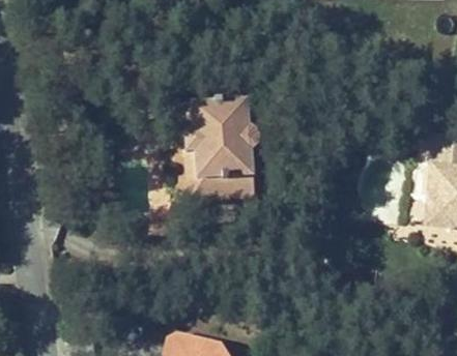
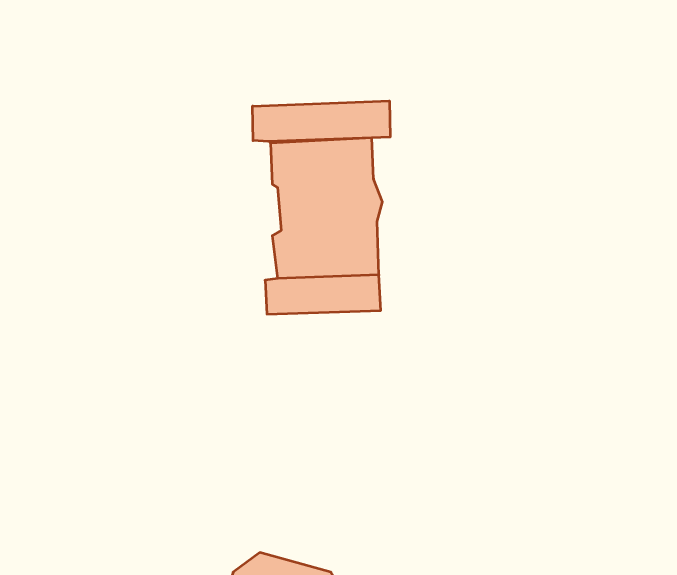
building: none -> [253,101,390,141]

